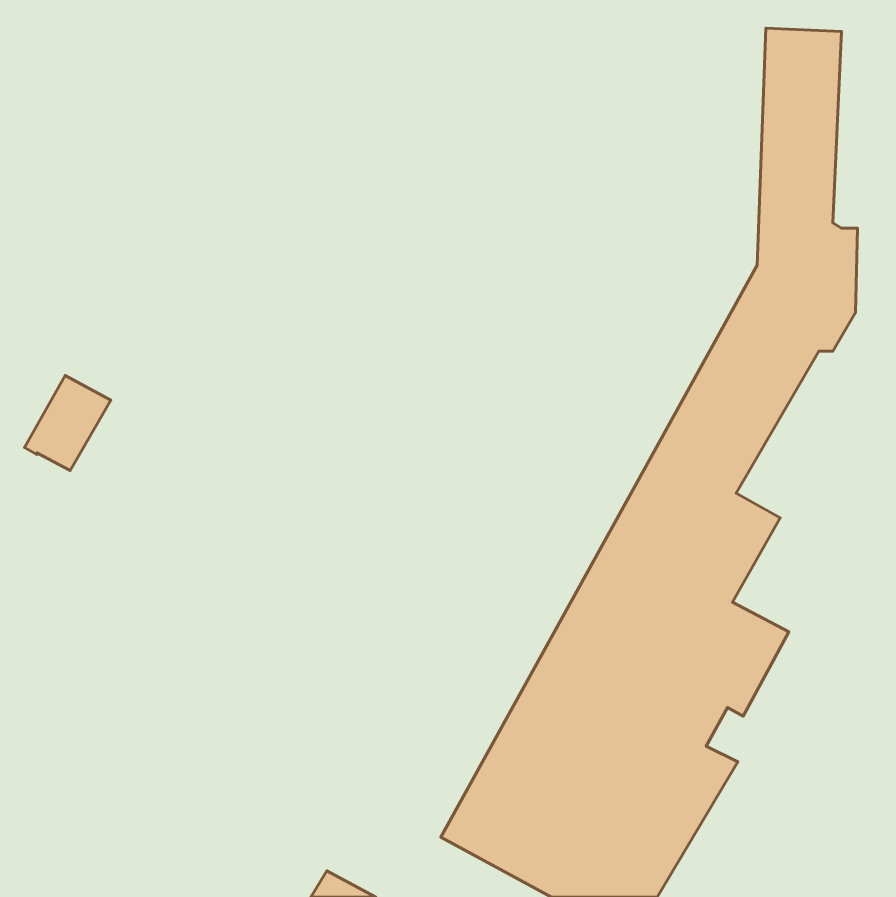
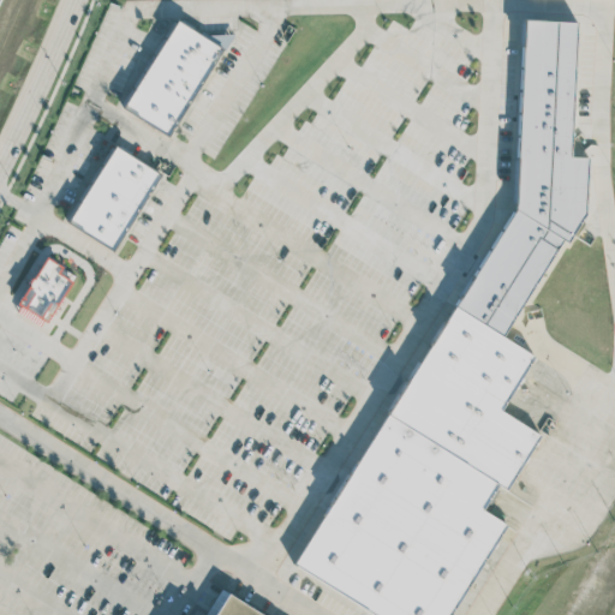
building: none -> [125,16,226,137]
building: none -> [70,145,161,251]

